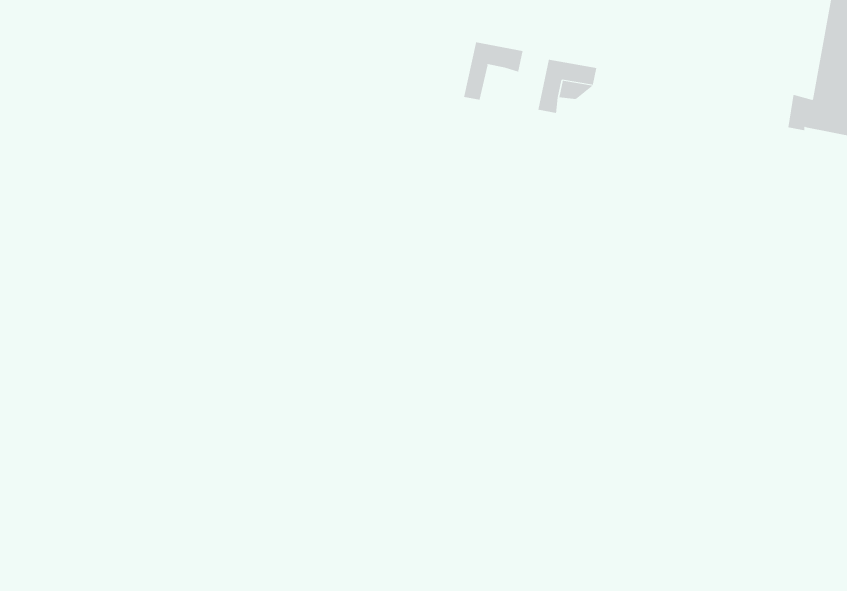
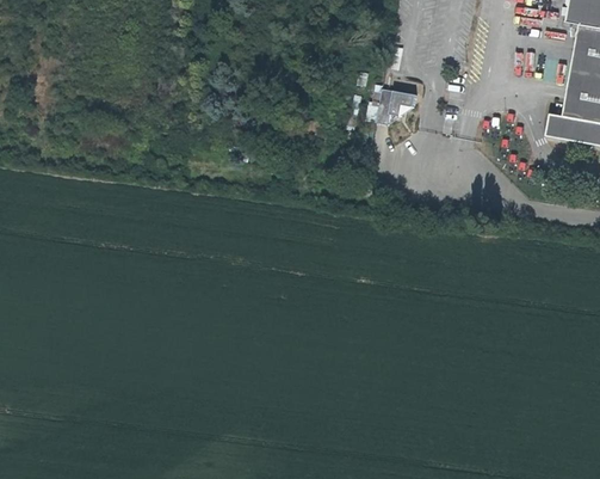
building: [464,41,523,101] -> none

